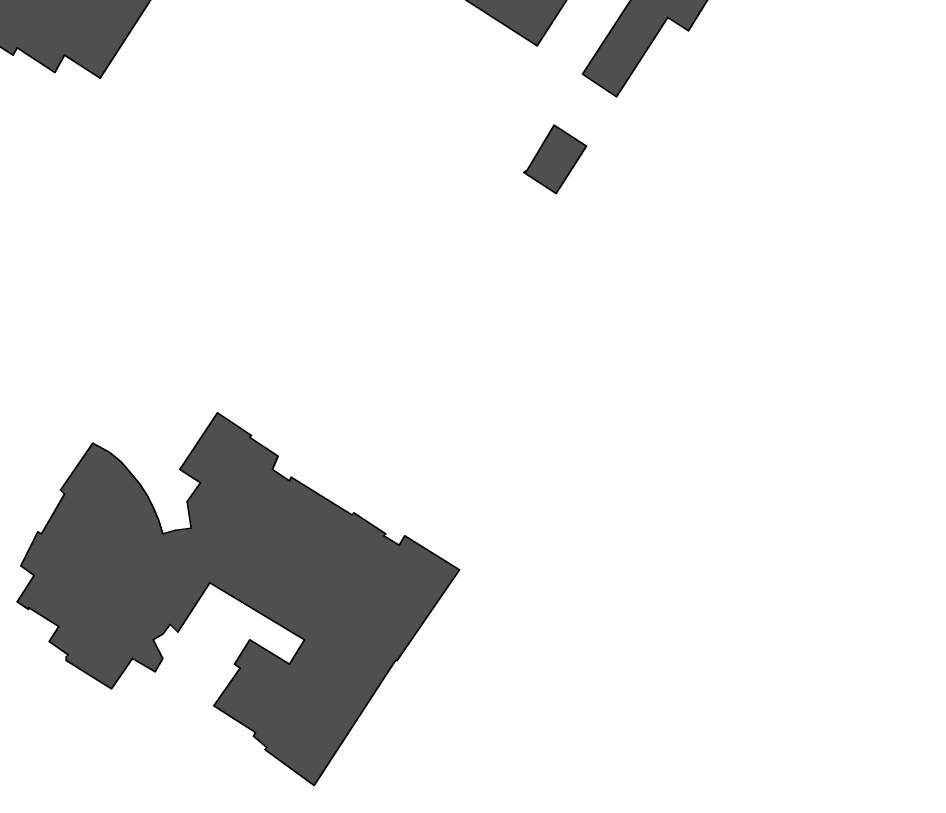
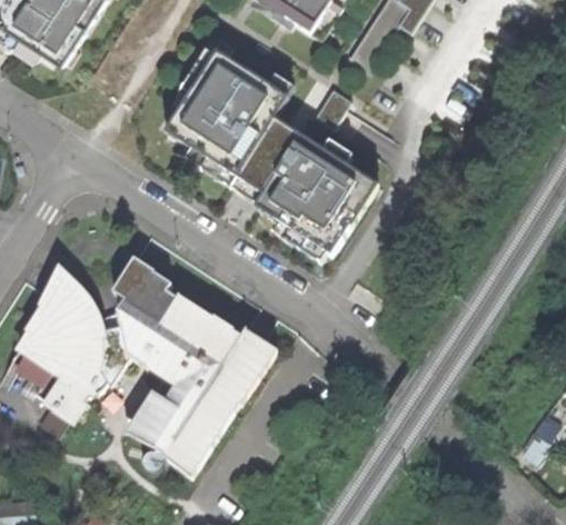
building: none -> [167,41,378,259]

